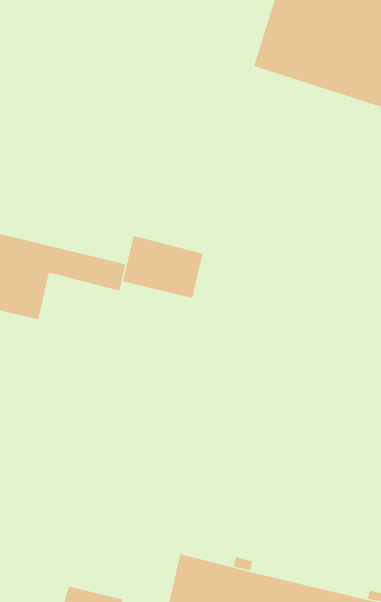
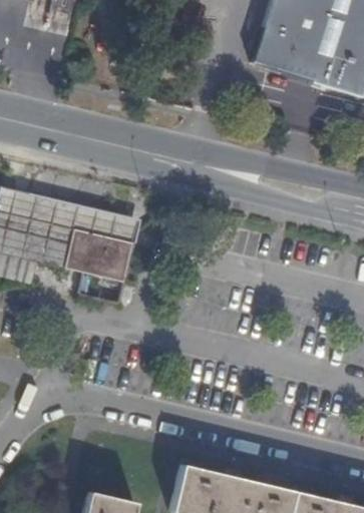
building: [122,235,204,299] -> [65,230,133,284]

